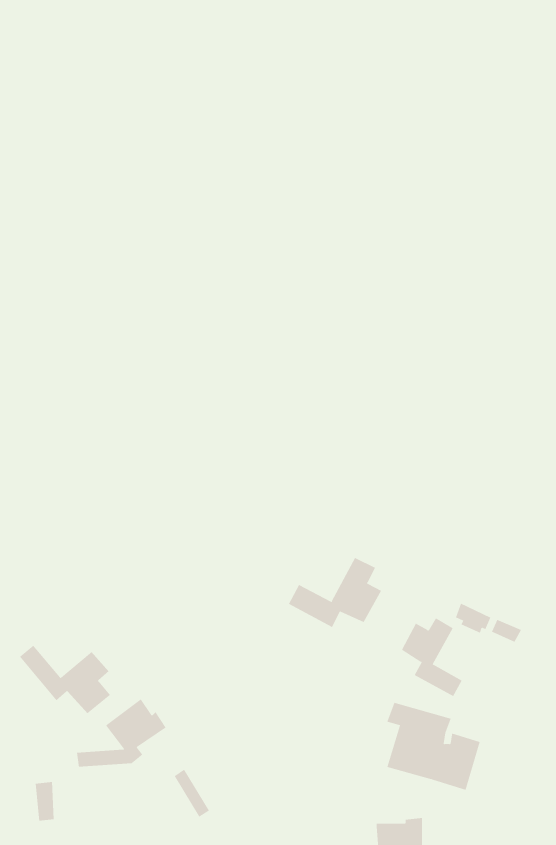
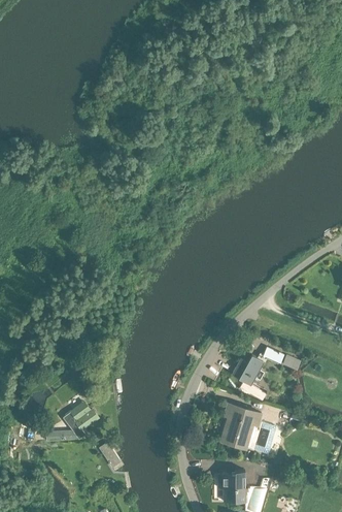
building: [288,557,382,628] -> none
building: [19,645,111,714] -> none

